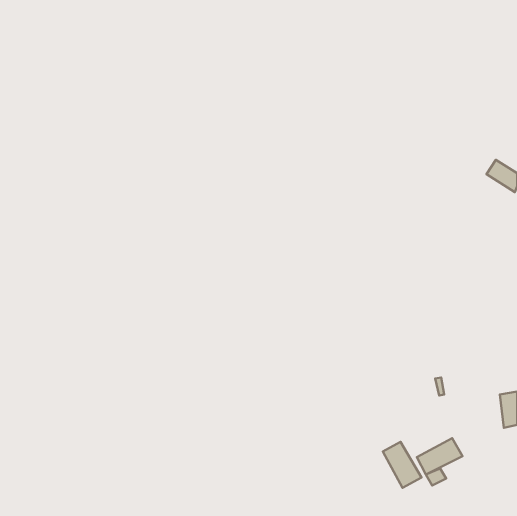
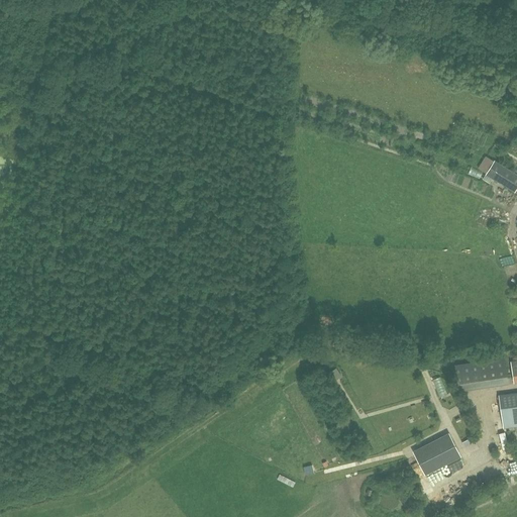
building: none -> [455,356,508,388]
building: [383,442,422,488] -> none

